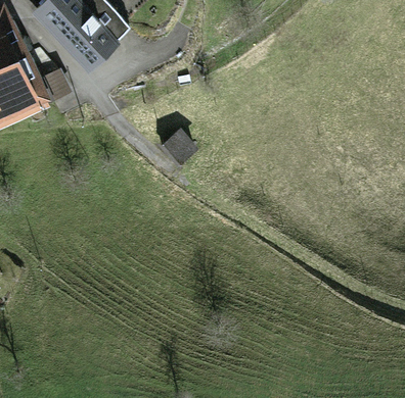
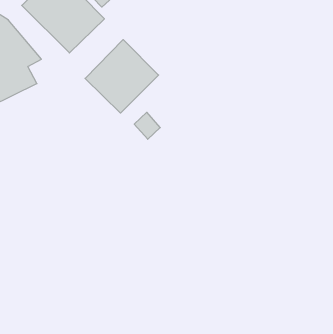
building: none -> [85,40,159,113]

